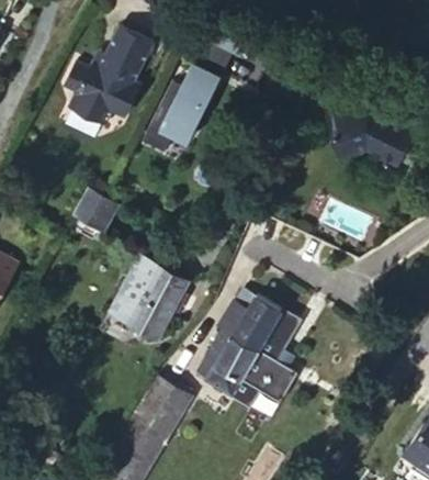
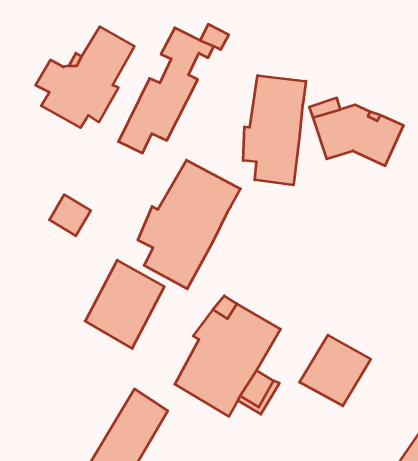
building: none -> [243,75,306,185]
building: none -> [138,160,241,289]
building: none -> [299,335,371,406]

